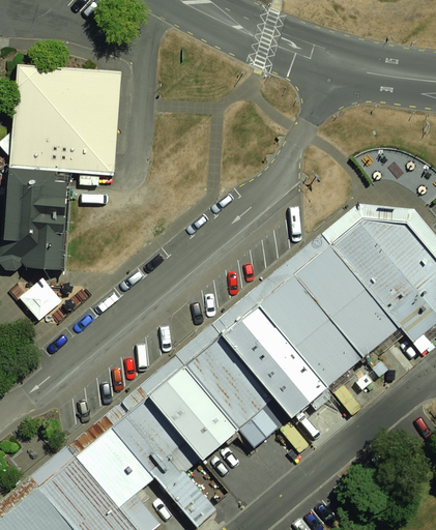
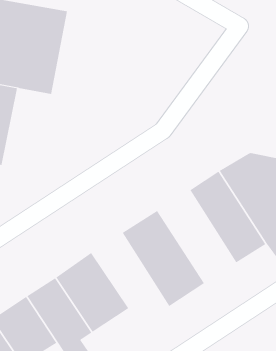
building: [260,273,364,385] -> none
building: [185,335,288,445] -> none

